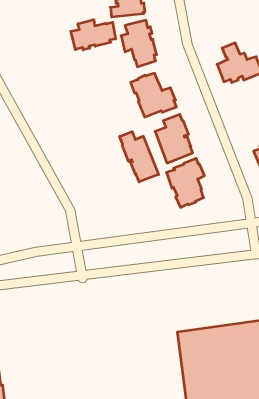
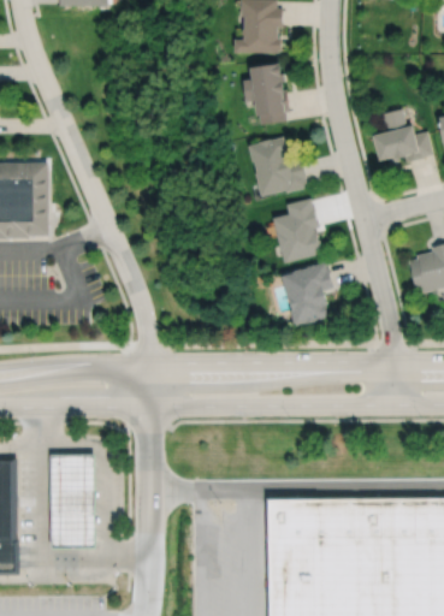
building: [71,20,116,50] -> none
building: [120,132,159,182] -> none
building: none -> [49,455,95,550]

